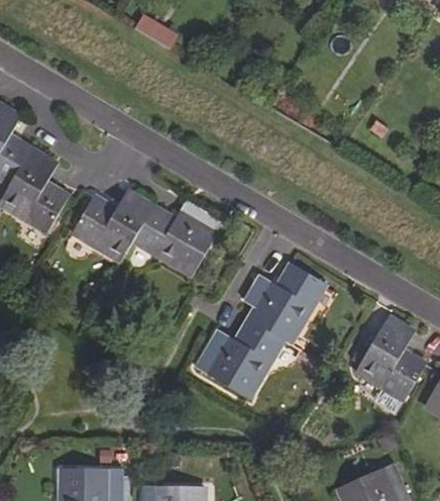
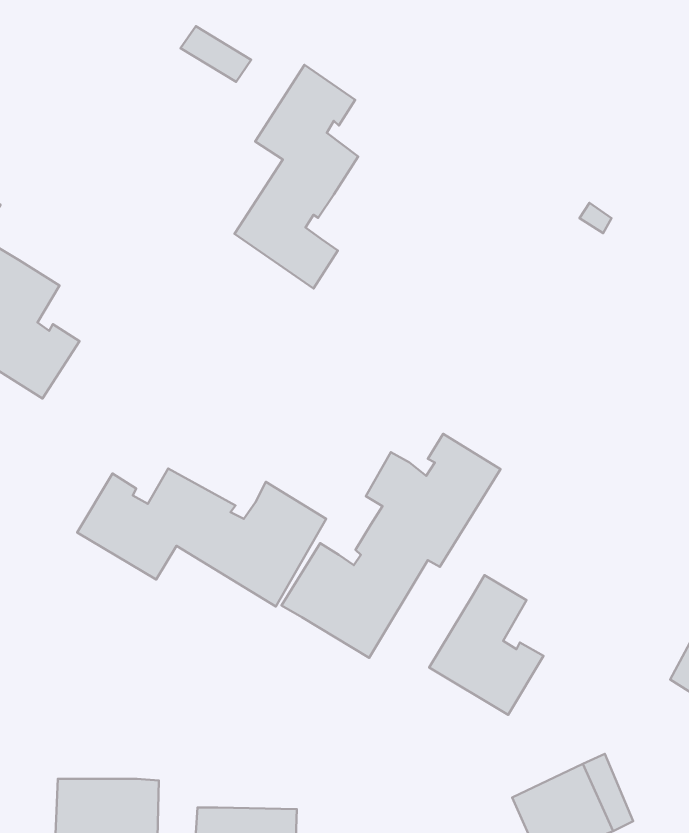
building: none -> [234,65,358,289]
building: [75,196,224,279] -> [77,468,326,606]
building: [356,316,425,400] -> [429,575,543,715]

